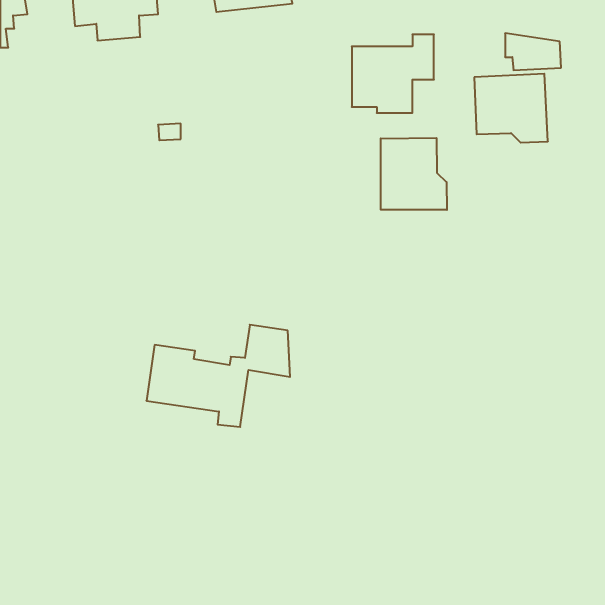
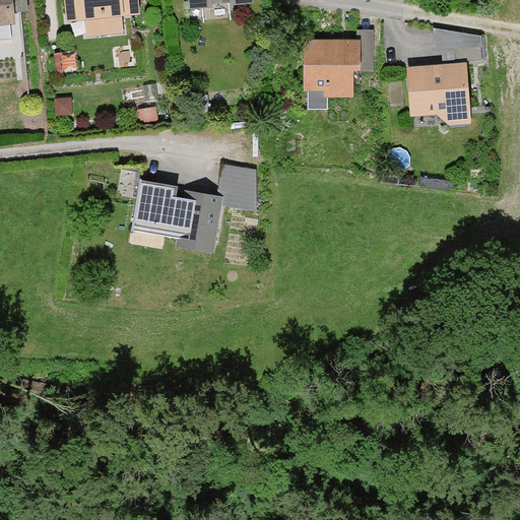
building: [381,138,447,210] -> none
building: [146,325,290,427] -> [132,165,255,252]

